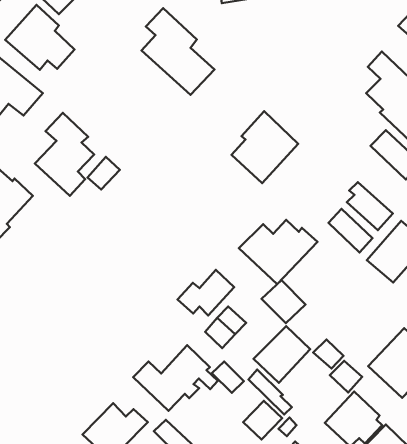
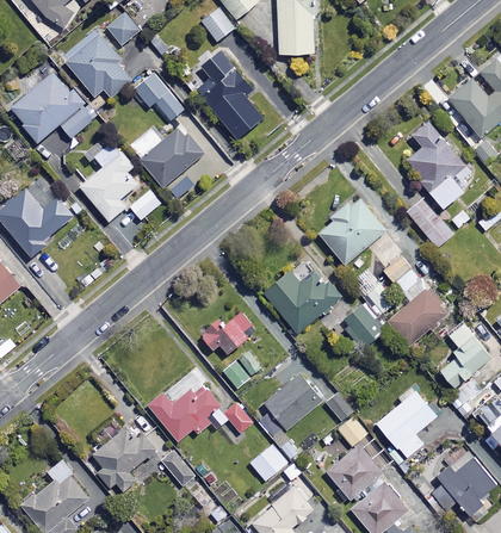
building: none -> [137,75,184,123]
building: none -> [142,126,205,188]
building: [231,111,298,183] -> [318,196,384,265]
building: [262,280,306,323] -> [342,305,384,347]

